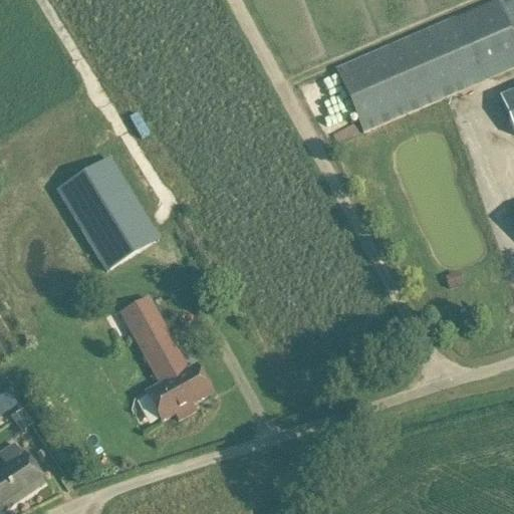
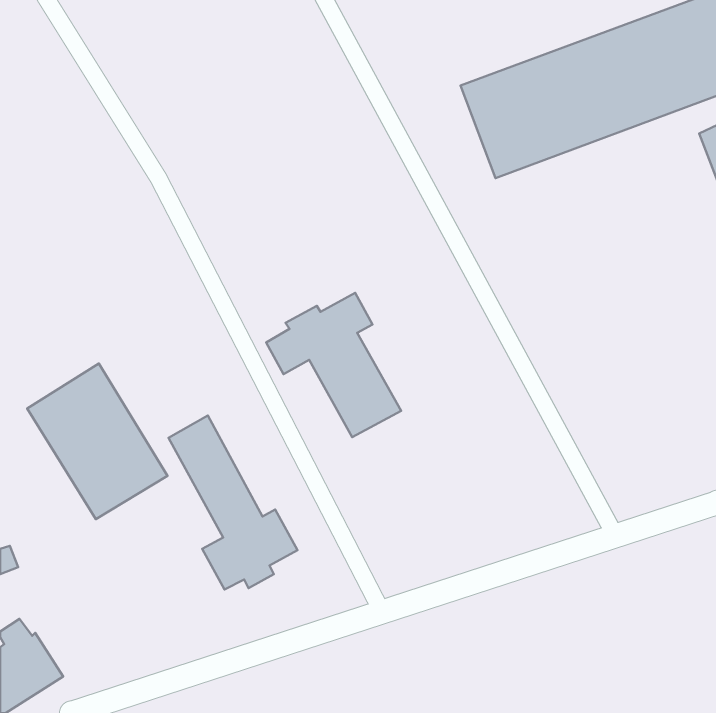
building: [59,158,160,269] -> [27,363,168,519]
building: none -> [266,293,401,437]

